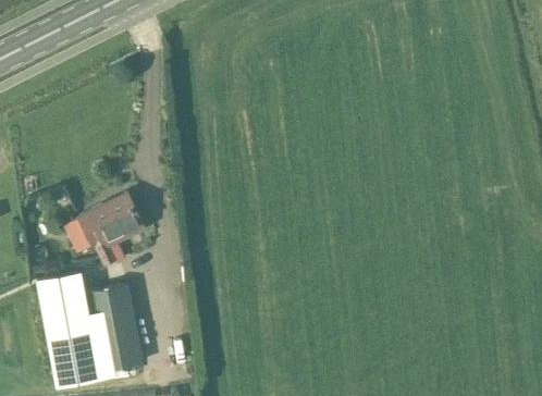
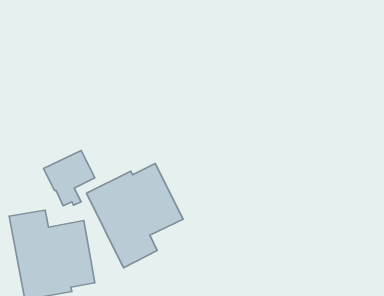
building: none -> [86,164,183,268]

